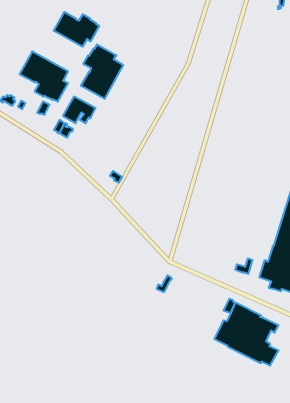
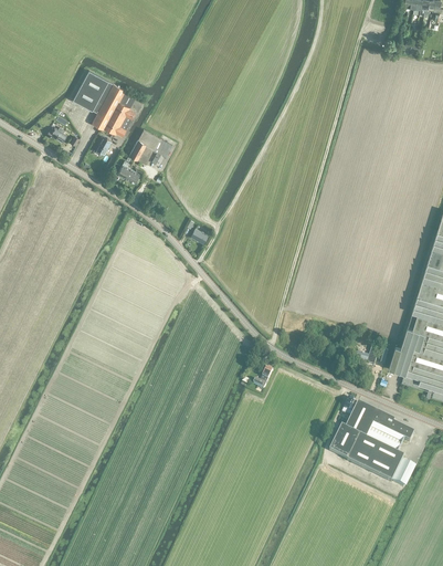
building: [54,12,99,47] -> none
building: [81,44,123,99] -> none

